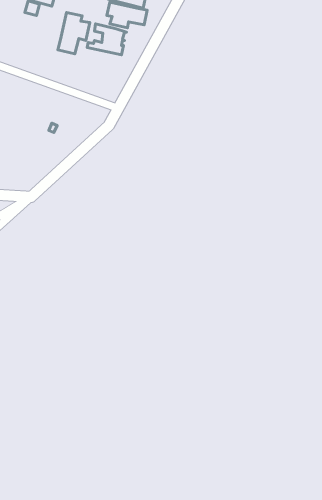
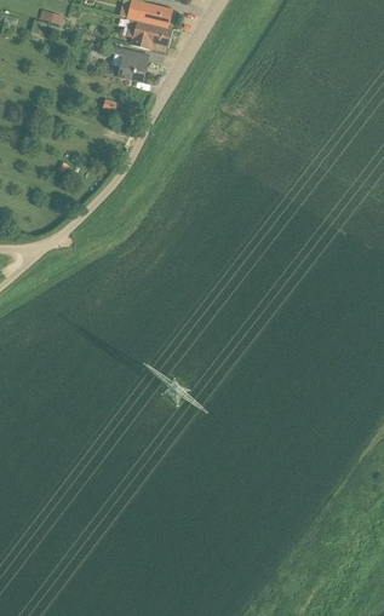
building: [58,13,90,54] -> none

